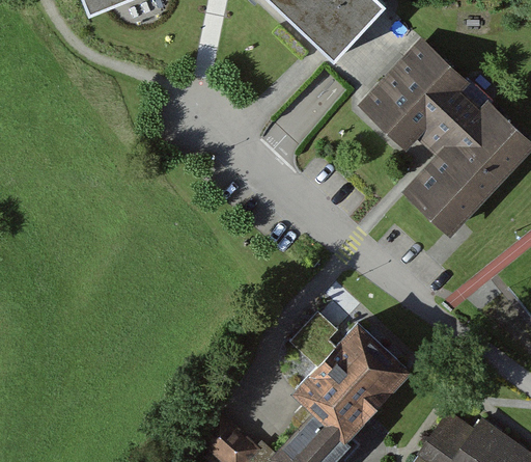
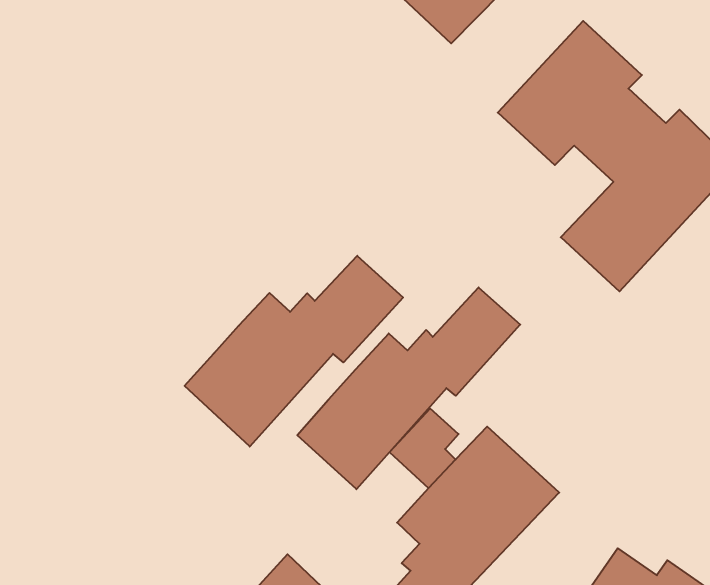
building: none -> [185,256,403,447]
building: none -> [297,287,520,489]

